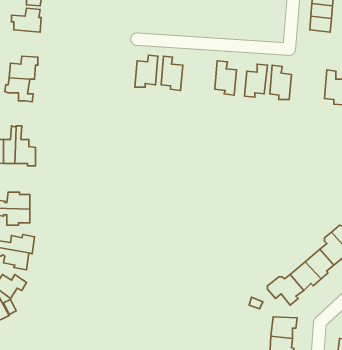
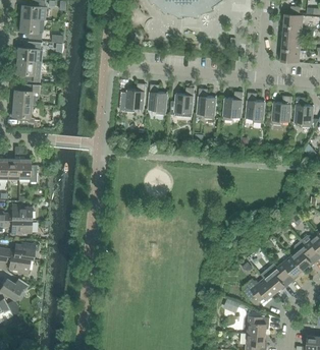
building: none -> [12,61,40,82]
building: none -> [169,87,194,117]
building: none -> [271,96,290,125]

